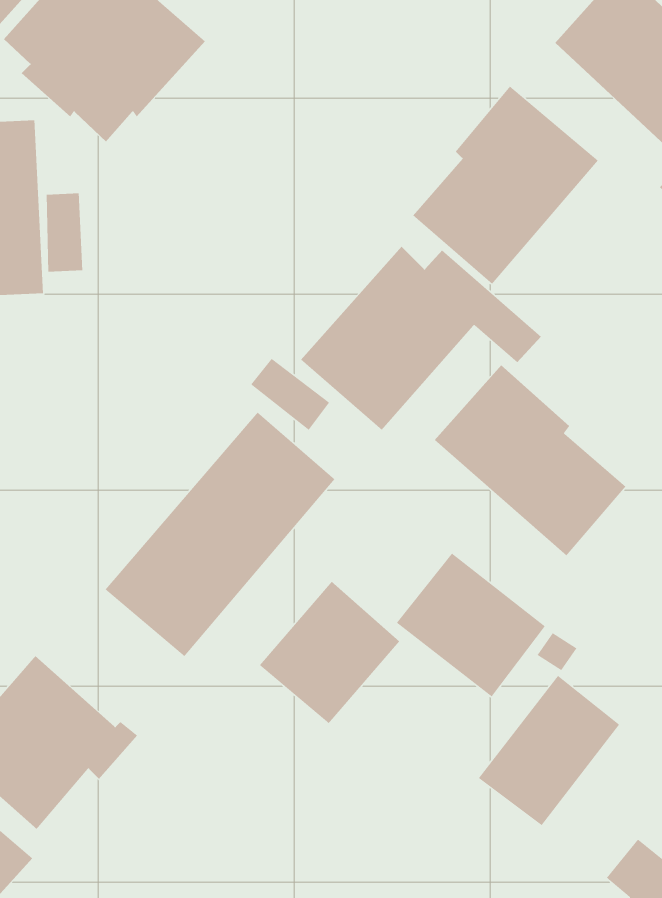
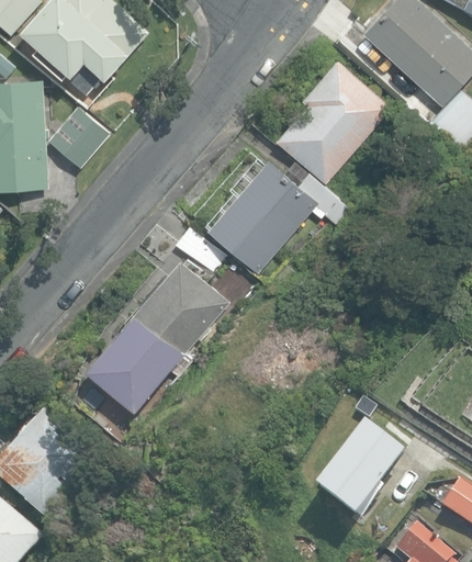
building: [434,365,627,556] -> none
building: [396,553,546,698] -> none
building: [259,581,400,724] -> none

